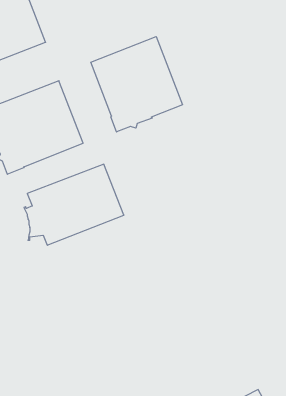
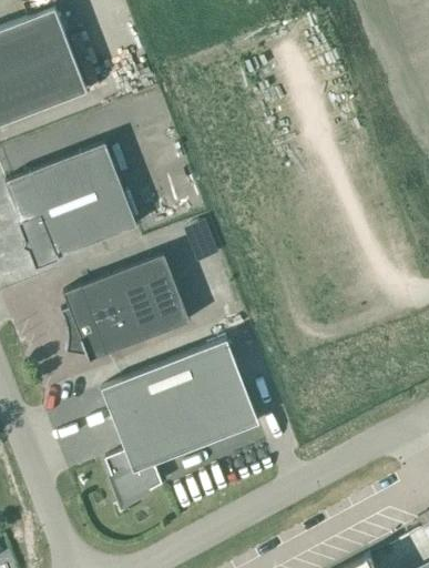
building: [91,37,183,132] -> none
building: none -> [101,342,258,507]

